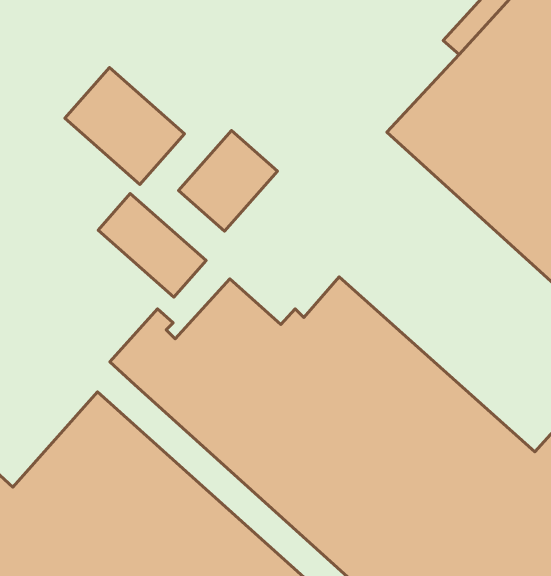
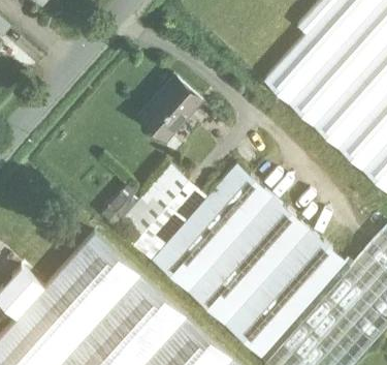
building: [65,68,185,184] -> none
building: [98,194,206,297] -> none

